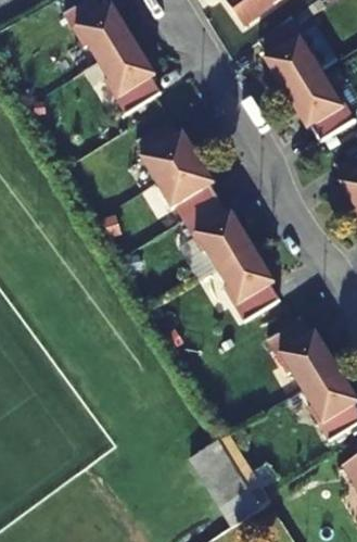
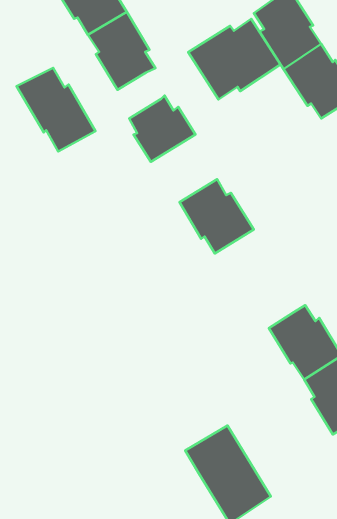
building: none -> [188,19,281,99]
building: none -> [17,68,96,152]
building: [157,156,220,220] -> none
building: [218,247,281,323] -> none

